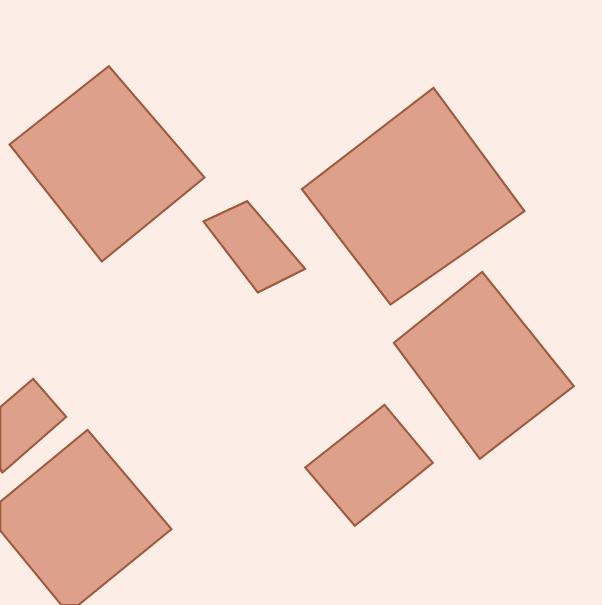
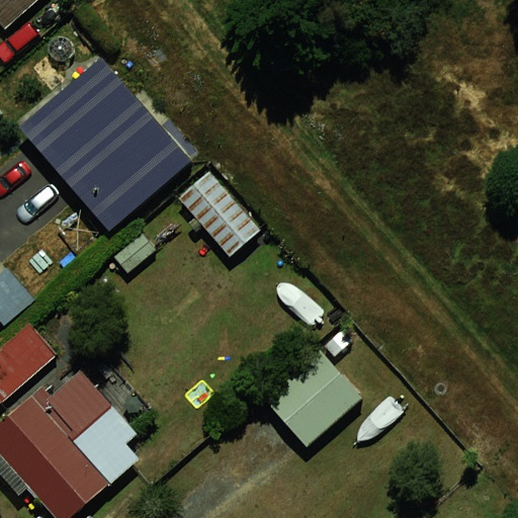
building: [302,88,525,305] -> none
building: [394,272,574,459] -> none

